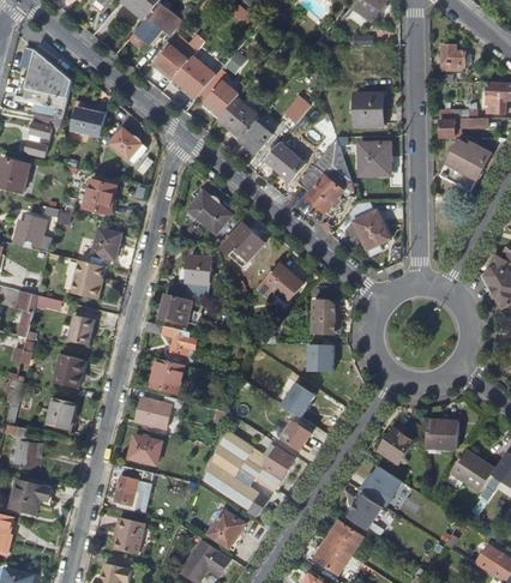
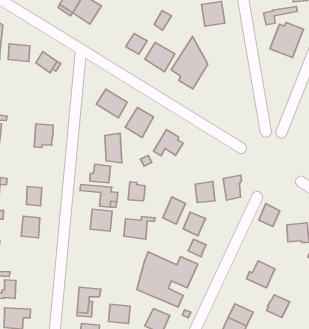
building: [197,76,238,119] -> none
building: [224,98,260,134] -> none
building: [362,146,391,176] -> none
building: [83,179,114,214] -> none
building: [345,202,389,250] -> none
building: [71,259,103,299] -> none
building: [314,302,339,335] -> [223,175,241,200]
building: none -> [128,182,145,201]
building: none -> [163,197,185,224]
building: [47,397,76,429] -> none
building: [136,397,184,429] -> [124,217,155,239]
building: [383,429,414,463] -> [259,204,280,227]
building: [128,434,162,465] -> [109,304,130,324]
building: [347,497,381,530] -> [266,295,290,318]

